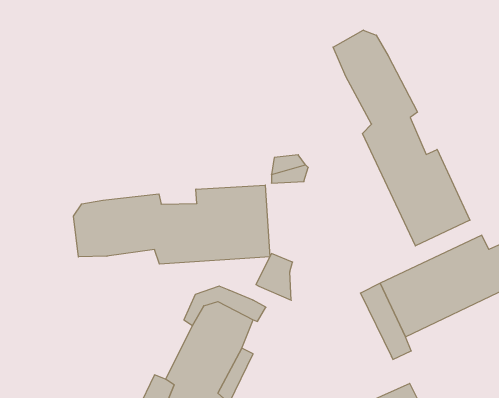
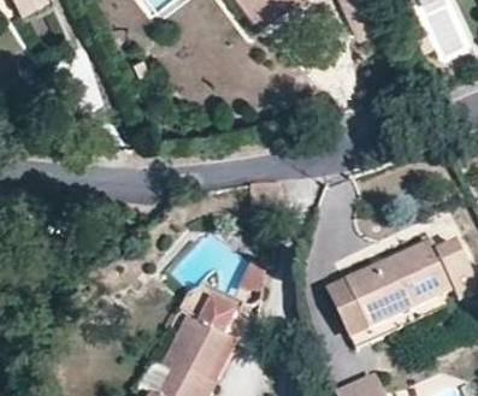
building: [333,30,470,246] -> none
building: [74,185,270,264] -> none

